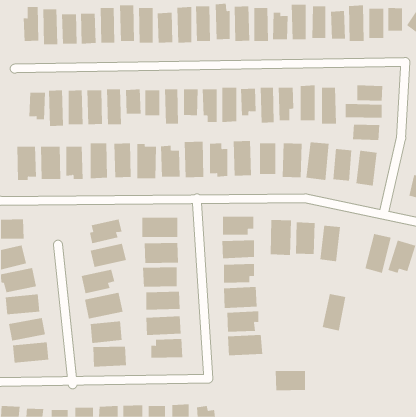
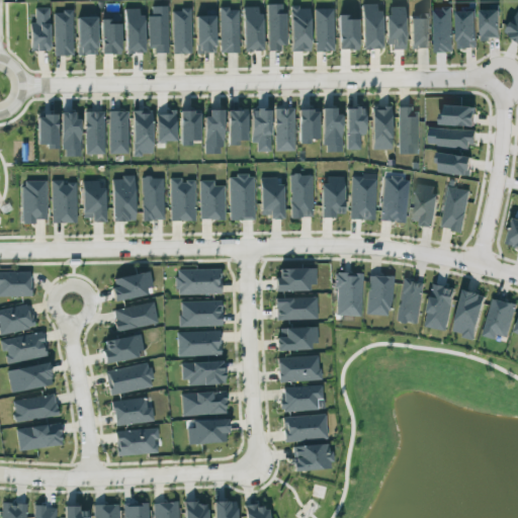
building: [322,294,346,331] -> [425,284,455,331]
building: [275,371,306,391] -> [293,445,332,470]

